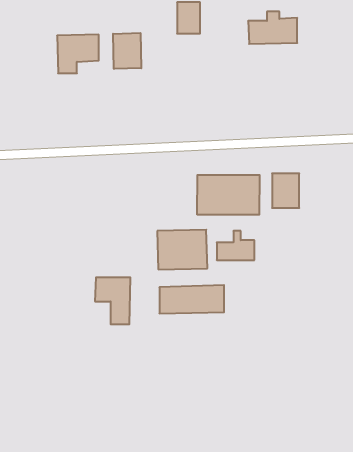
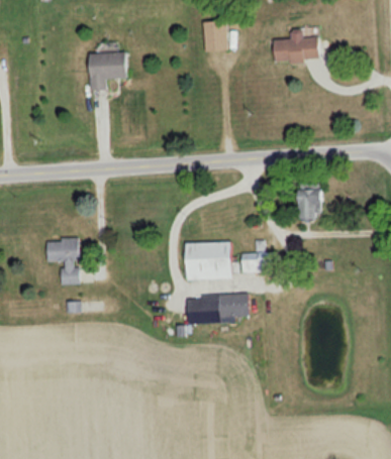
building: [113,33,141,69] -> none
building: [197,175,260,215] -> none
building: [95,277,130,324] -> [46,238,81,283]

